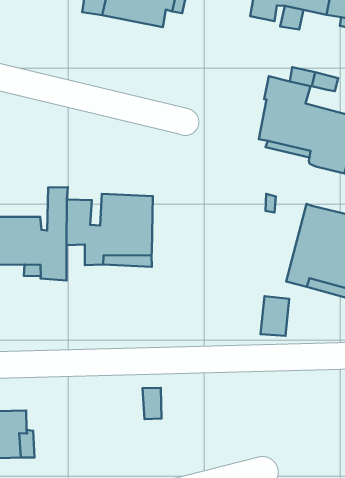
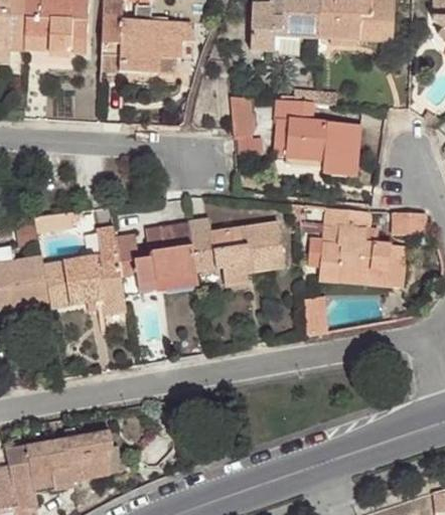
building: none -> [231,97,256,136]
building: none -> [190,217,284,283]

